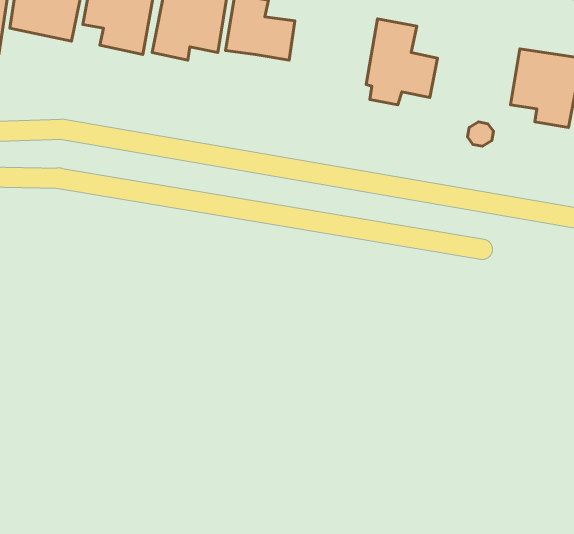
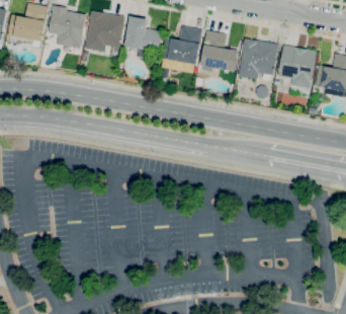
building: none -> [162,26,202,72]
building: none -> [238,38,278,79]

